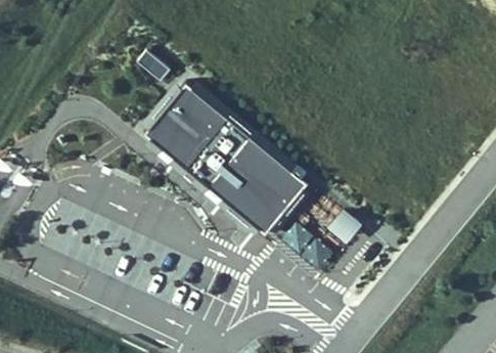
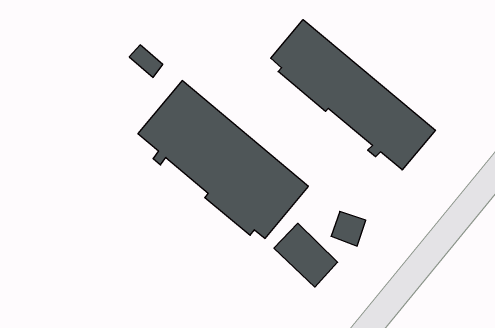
building: none -> [271,20,435,170]

